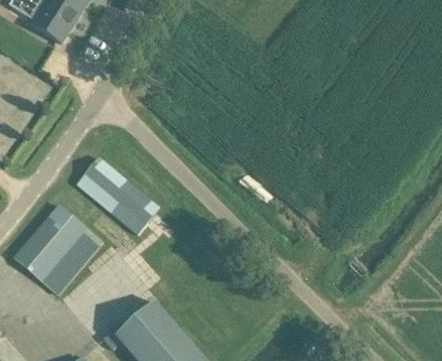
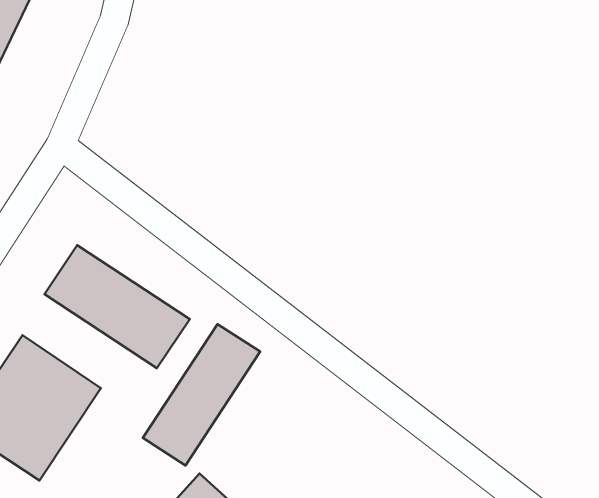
building: none -> [143,324,260,465]

